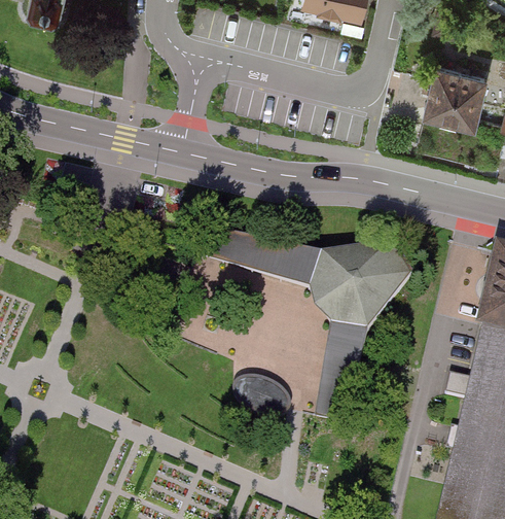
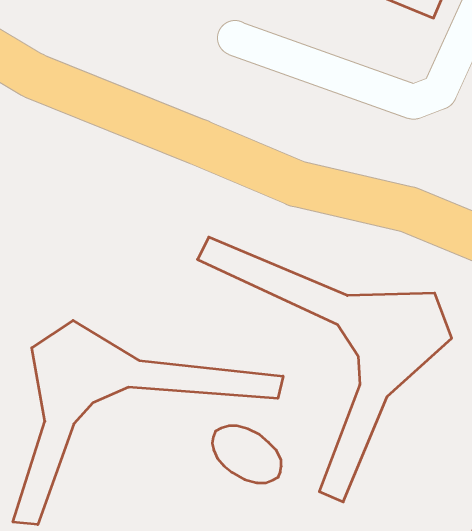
building: none -> [13,320,283,525]

